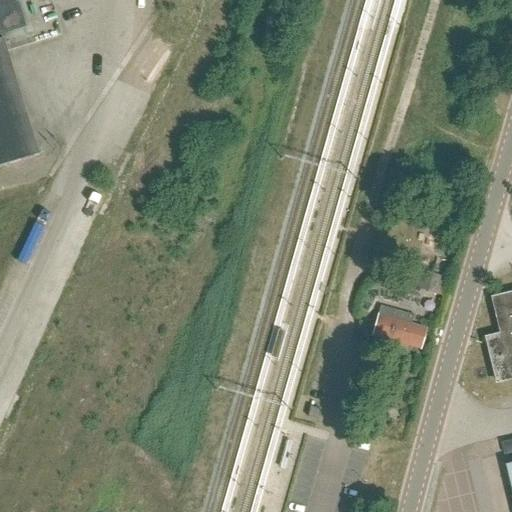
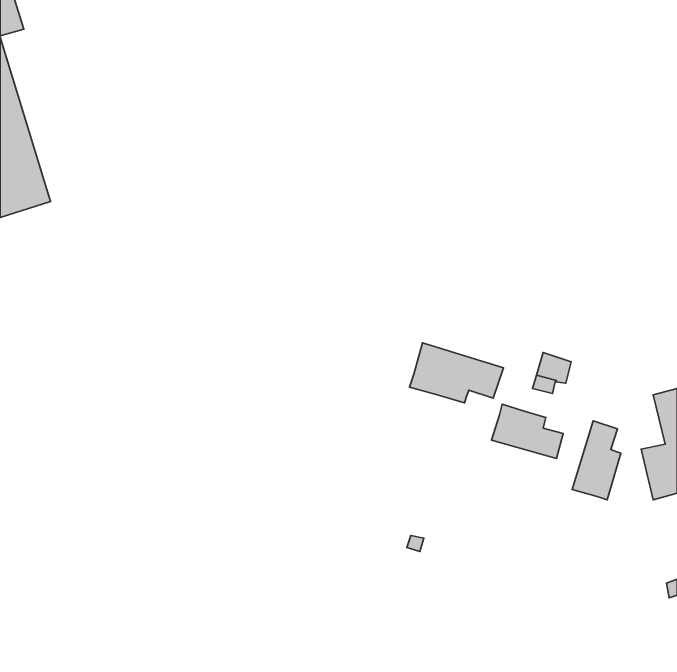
building: none -> [409,343,503,403]
building: none -> [572,421,621,500]

